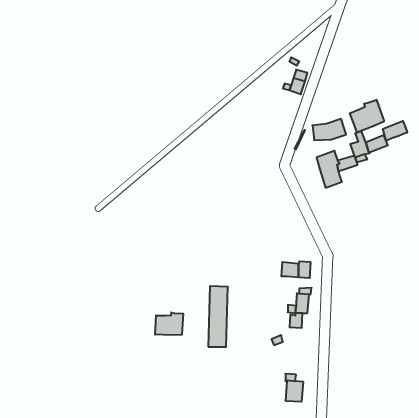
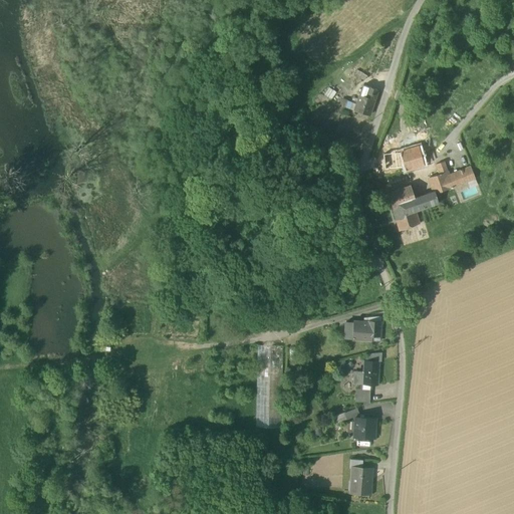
building: [350,100,384,133] -> none
building: [383,121,407,141] -> none
building: [155,312,183,335] -> none
building: none -> [353,417,374,438]

